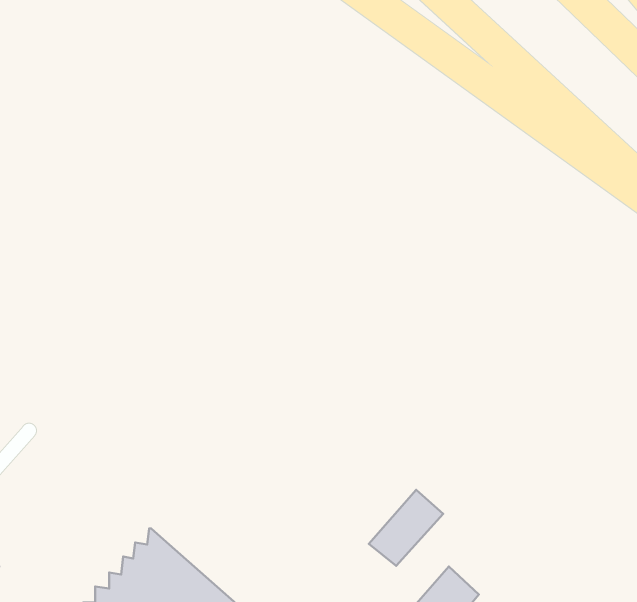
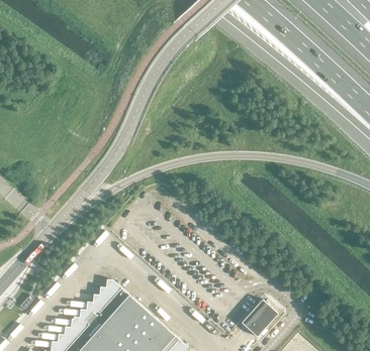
building: [369,490,443,566] -> none

